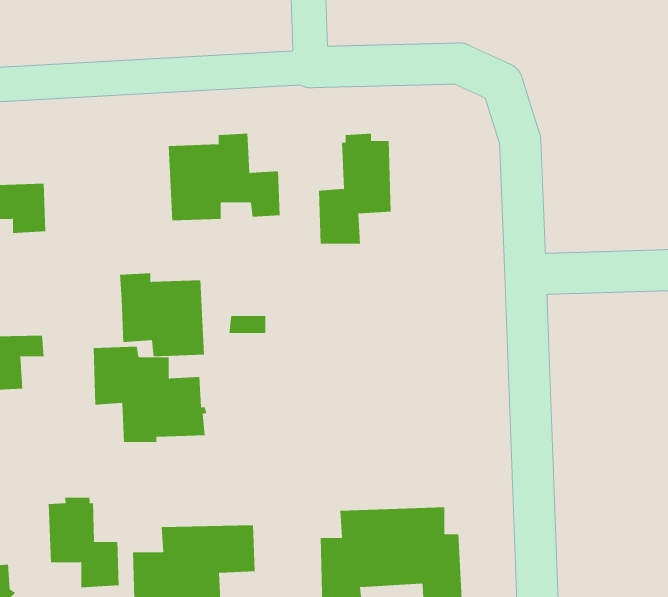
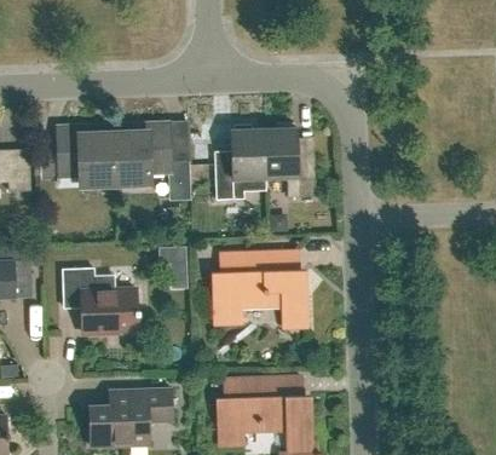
building: none -> [264,122,316,196]
building: [119,273,205,357] -> [58,127,116,184]
building: none -> [212,250,308,328]
building: [48,497,119,588] -> none

